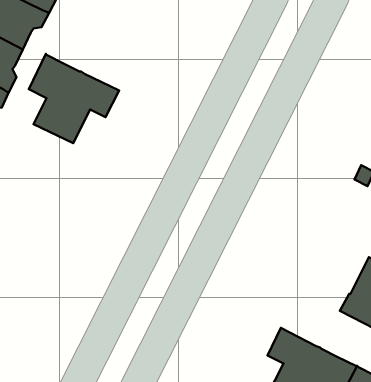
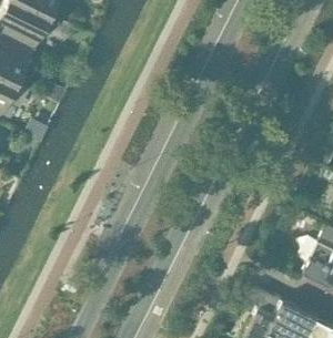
building: [29,54,119,143] -> none

